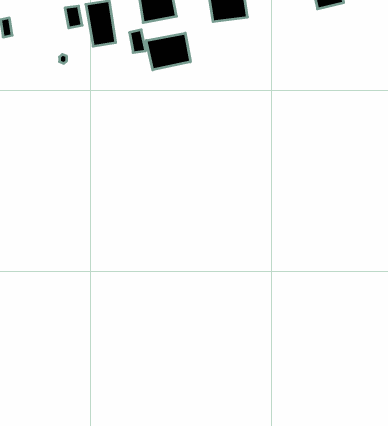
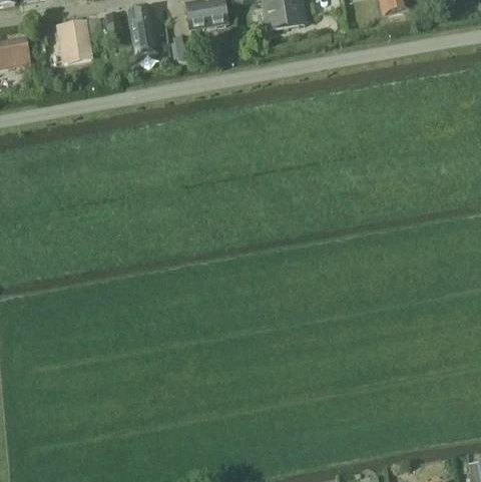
building: none -> [56,18,92,61]
building: [146,33,190,70] -> none

